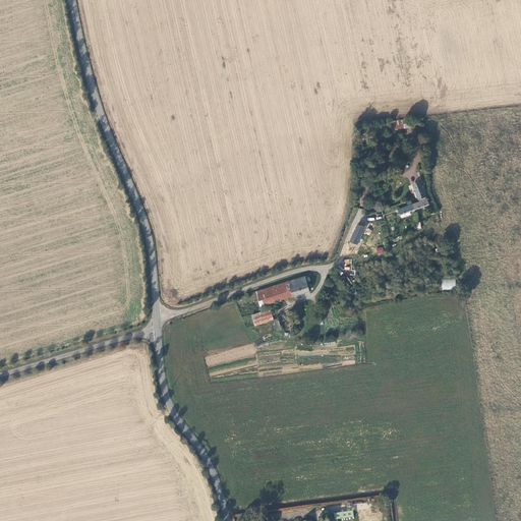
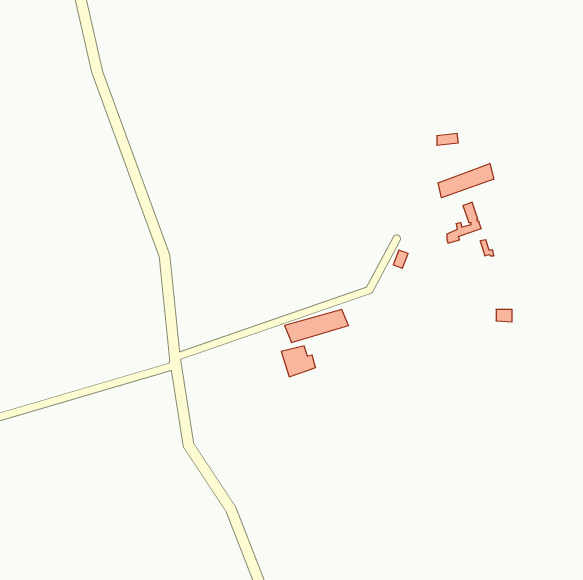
building: none -> [438,163,494,198]

